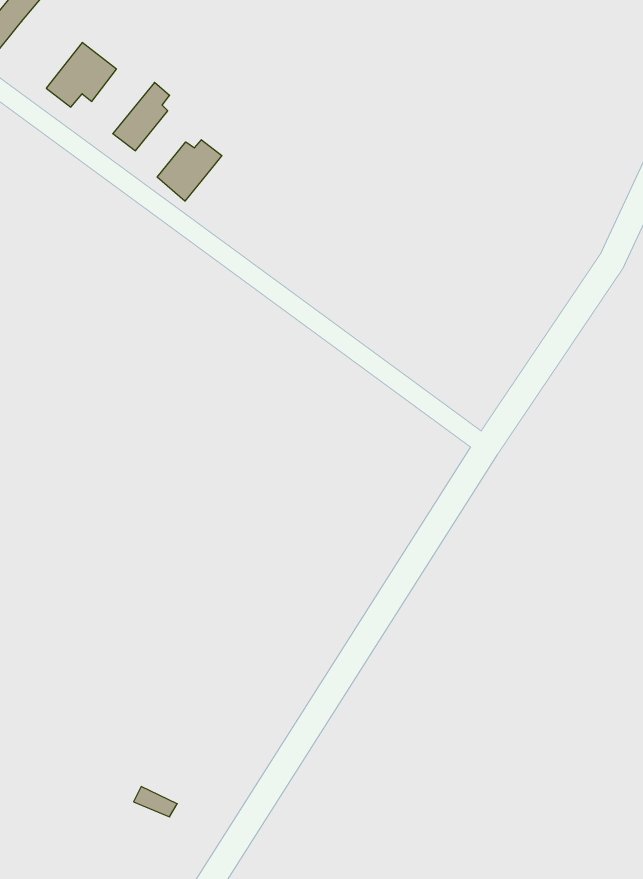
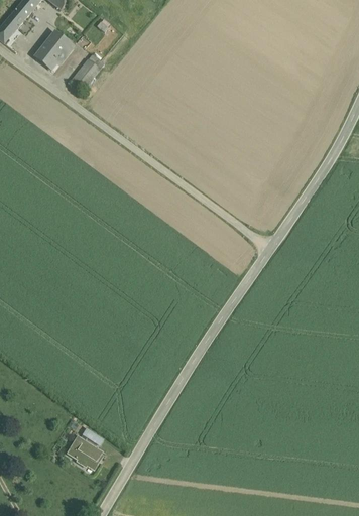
building: [157,140,222,201] -> none
building: none -> [67,437,101,471]

